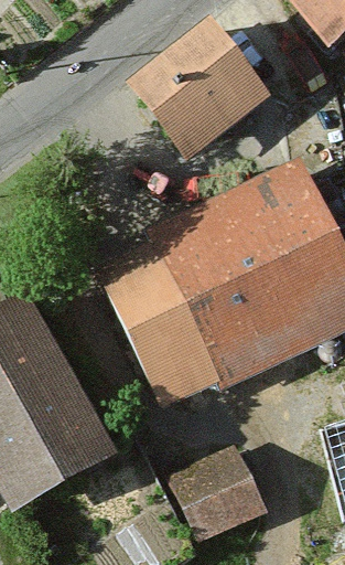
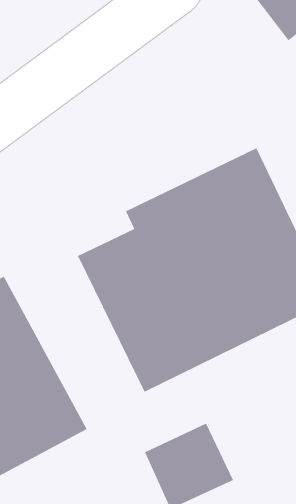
building: [119,14,277,169] -> none

